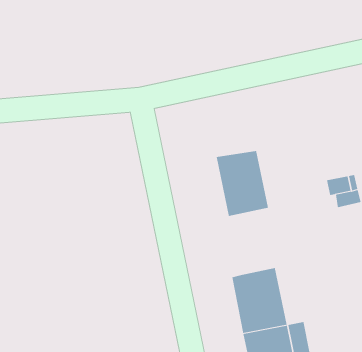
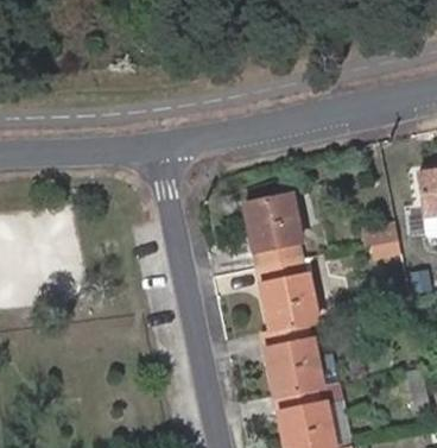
building: none -> [259,260,316,333]

